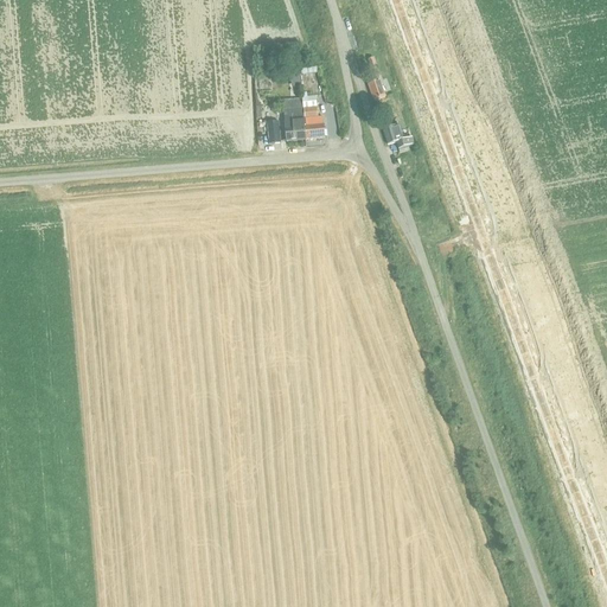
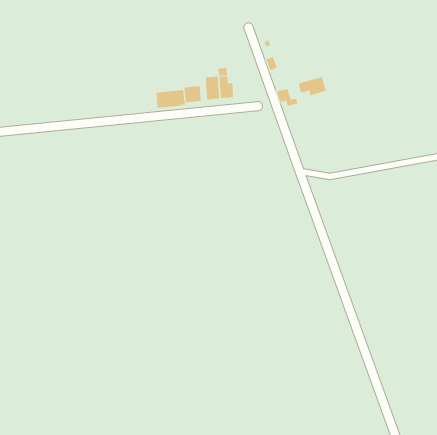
building: none -> [298,76,327,96]
building: none -> [156,89,185,108]

